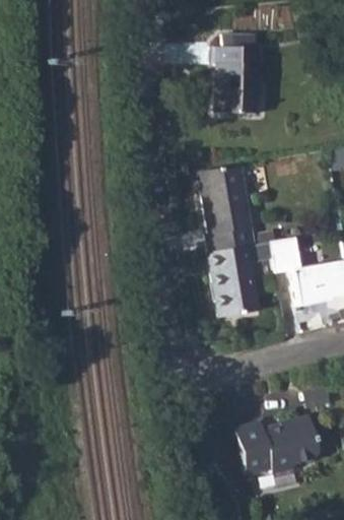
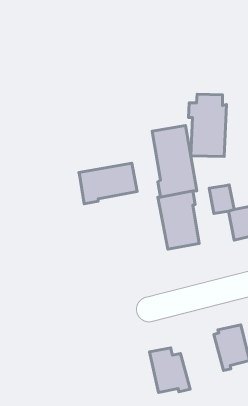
building: [211,36,259,114] -> [188,94,226,157]
building: none -> [79,163,137,204]
building: [236,418,287,474] -> [150,348,190,393]

